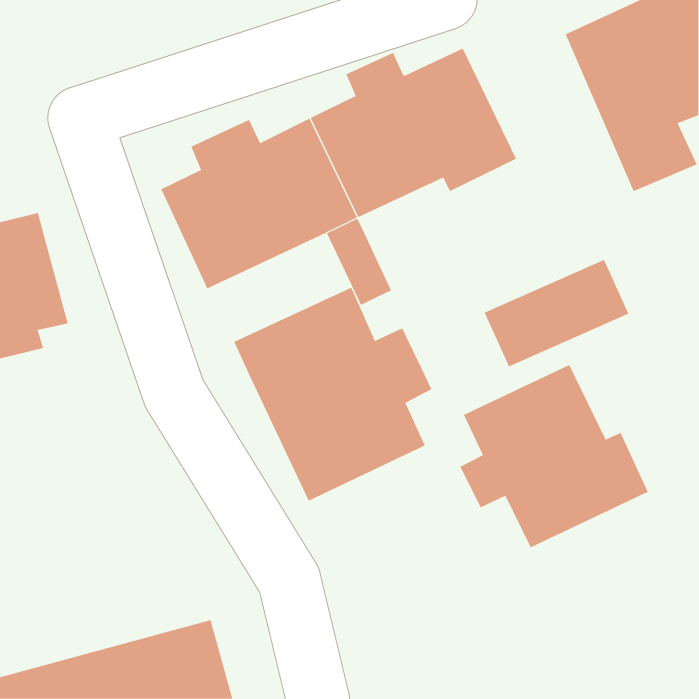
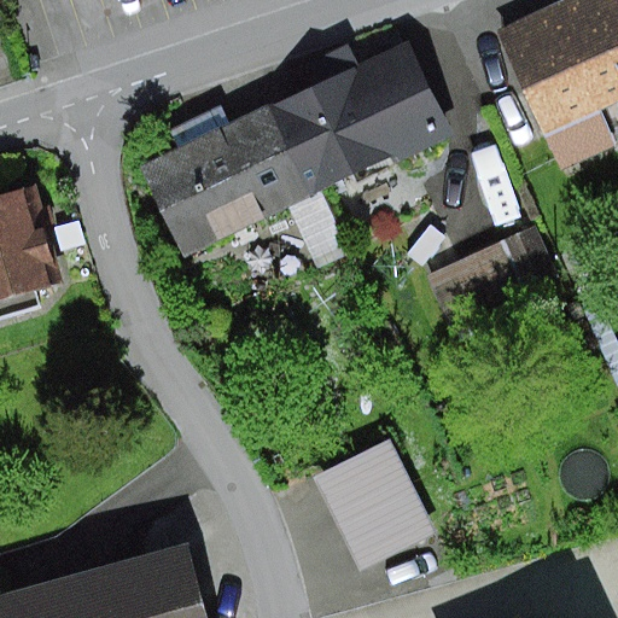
building: [233,287,432,502] -> none
building: [460,364,649,548] -> none
building: none -> [314,439,433,570]

